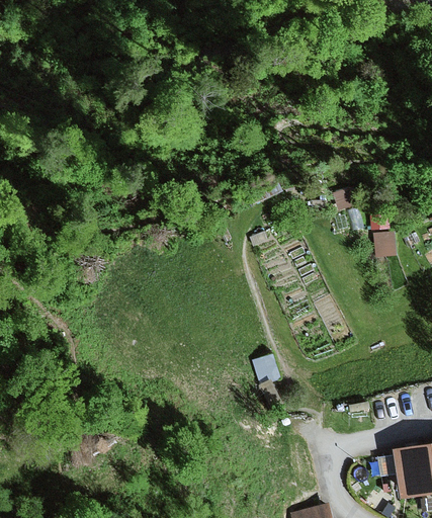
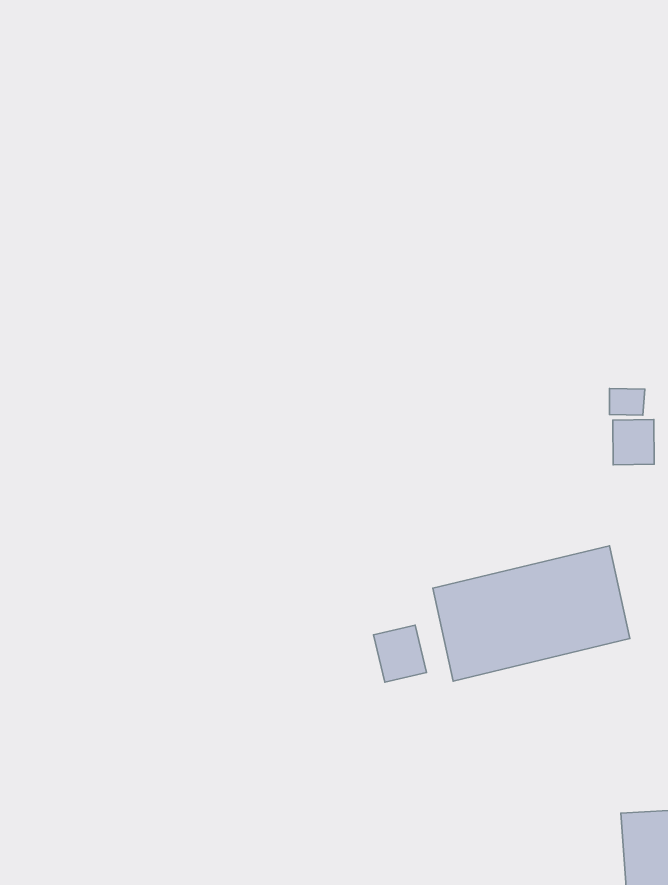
building: none -> [433,546,630,681]

